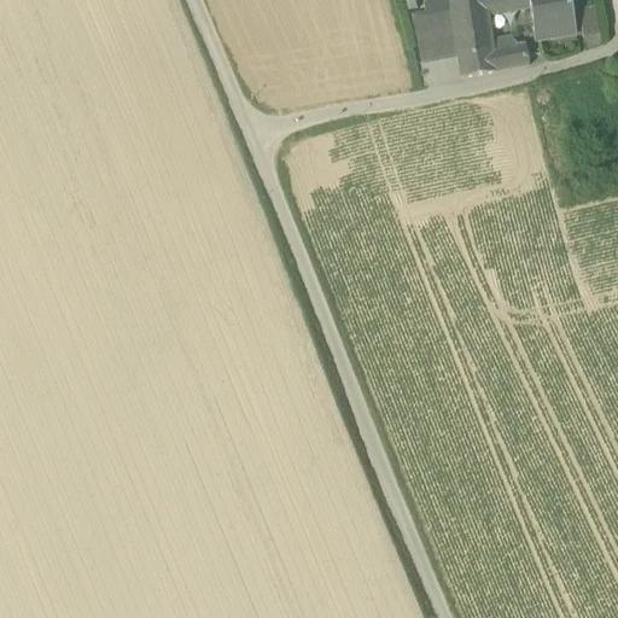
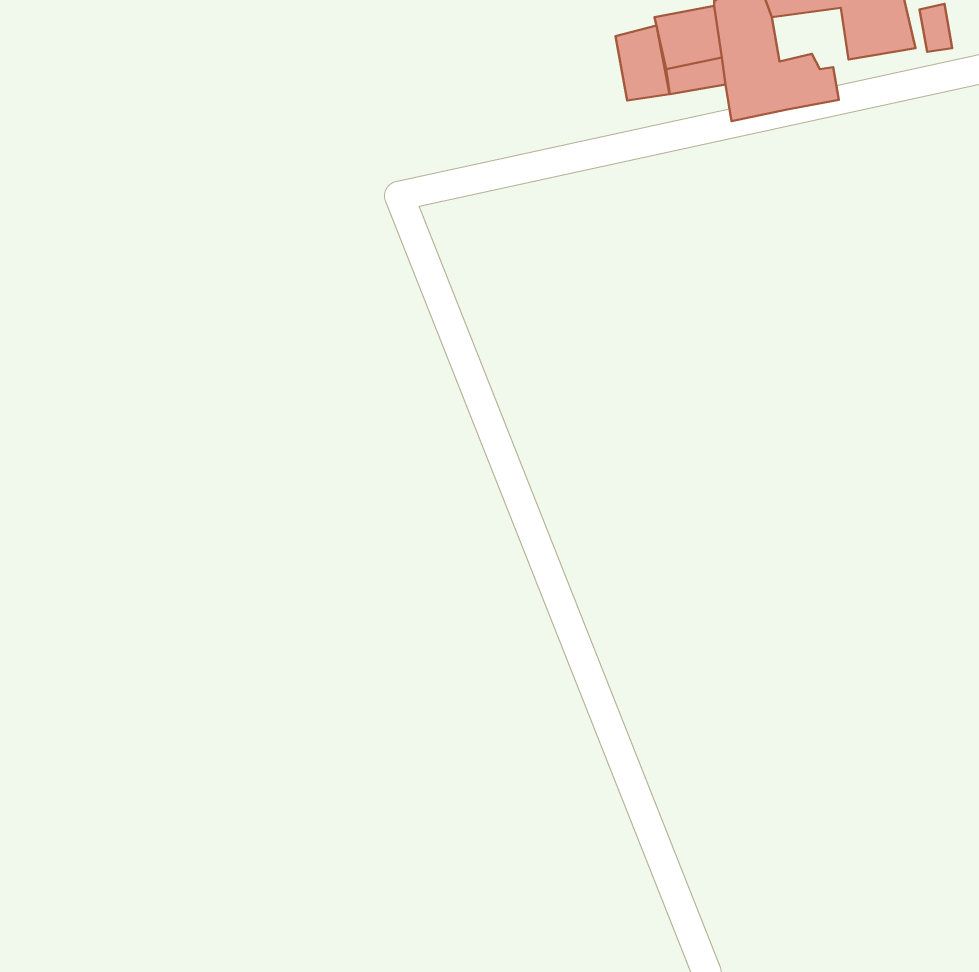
building: none -> [615,25,670,100]

